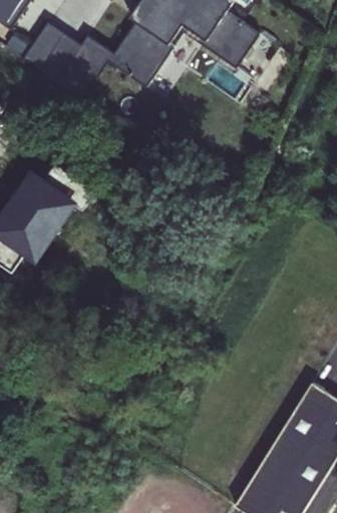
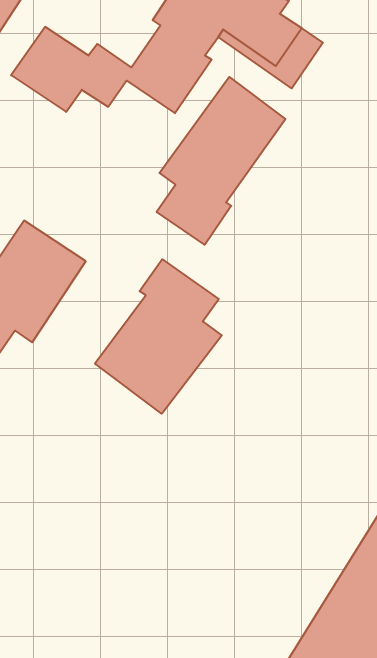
building: none -> [157,77,285,245]
building: none -> [95,259,222,414]

